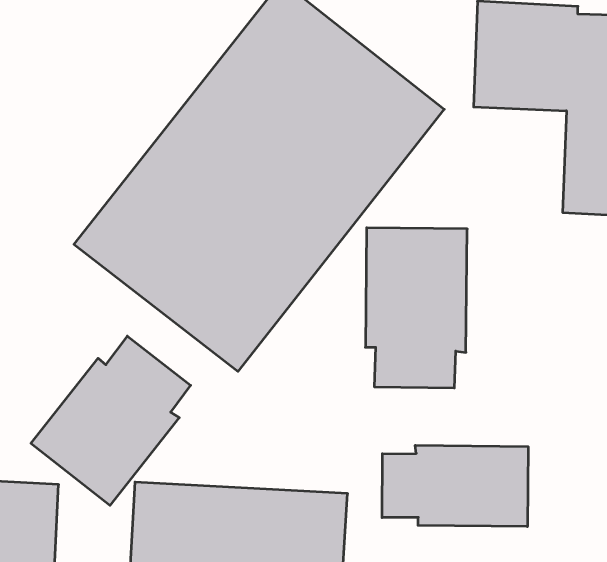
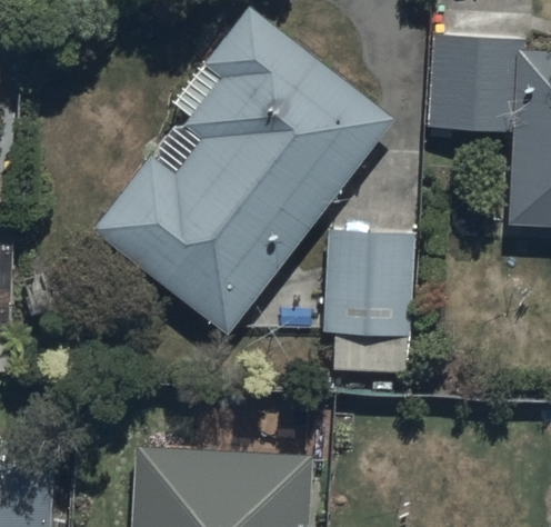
building: [31,336,191,505] -> none
building: [382,445,528,527] -> none

